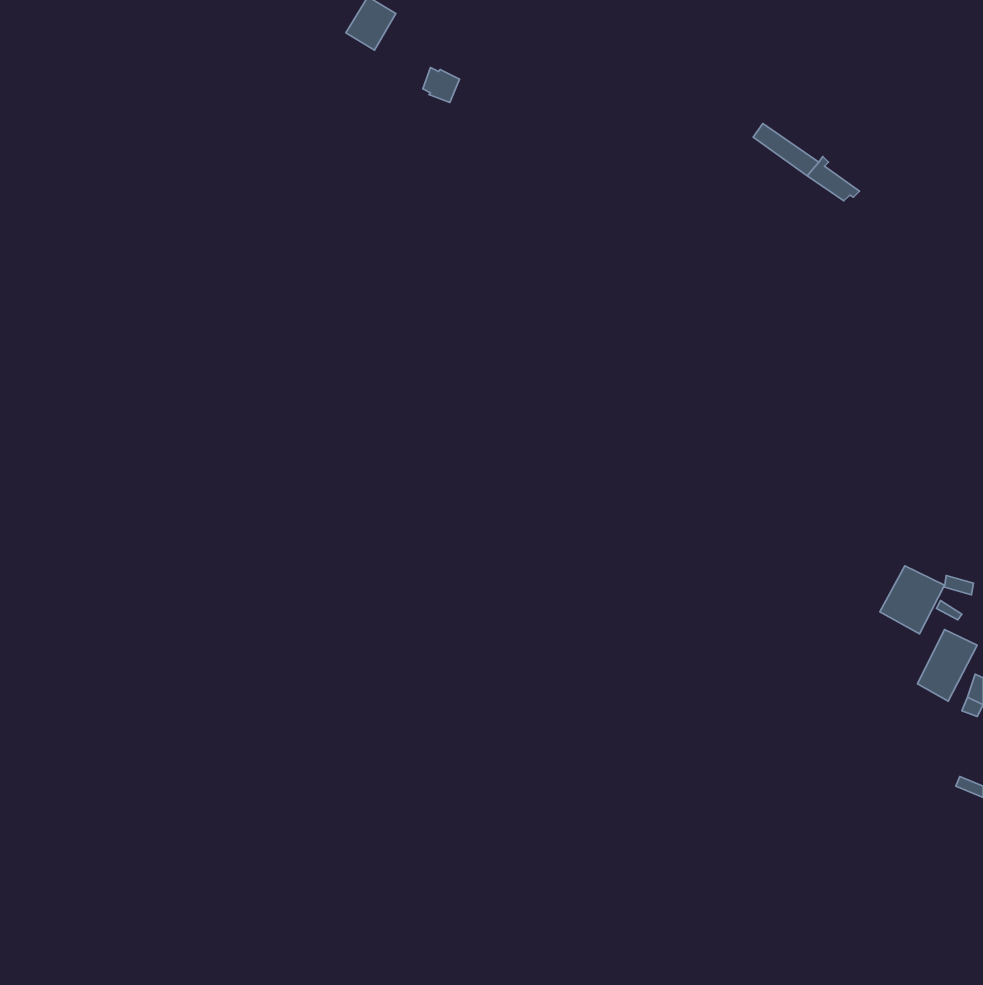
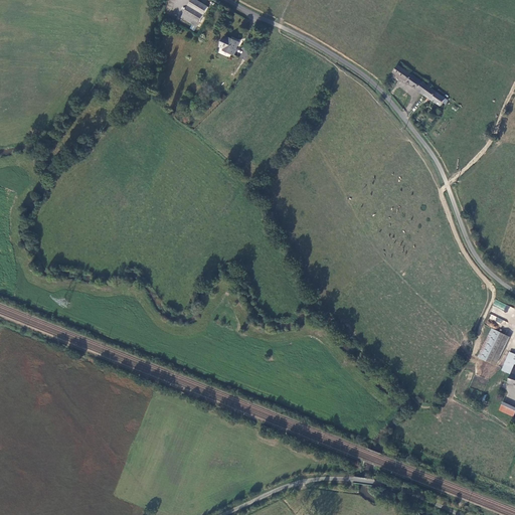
building: [880,566,945,634] -> none

